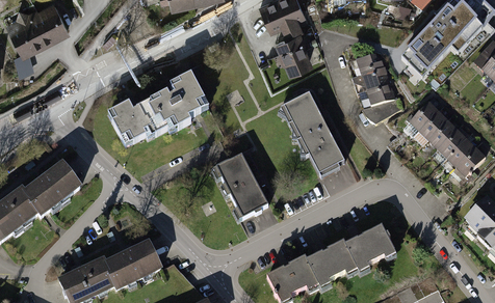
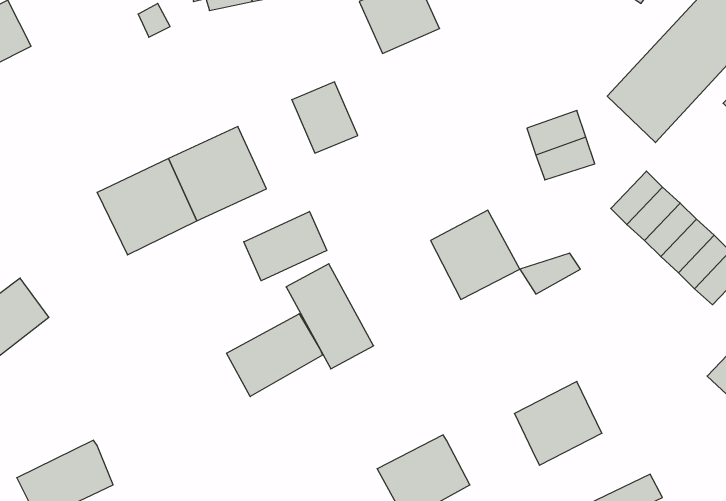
building: [273,32,312,74] -> [292,82,358,153]
building: [351,52,386,78] -> none
building: [283,92,334,143] -> none
building: [367,99,402,122] -> [520,253,580,294]
building: none -> [244,211,327,281]
building: none -> [227,314,322,397]
building: [310,241,362,290] -> none
building: [106,243,159,288] -> none

